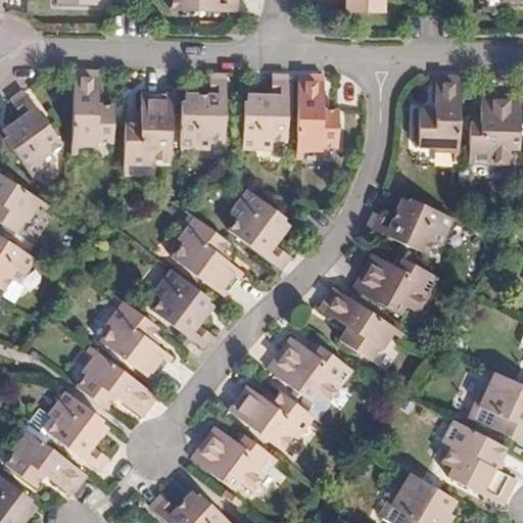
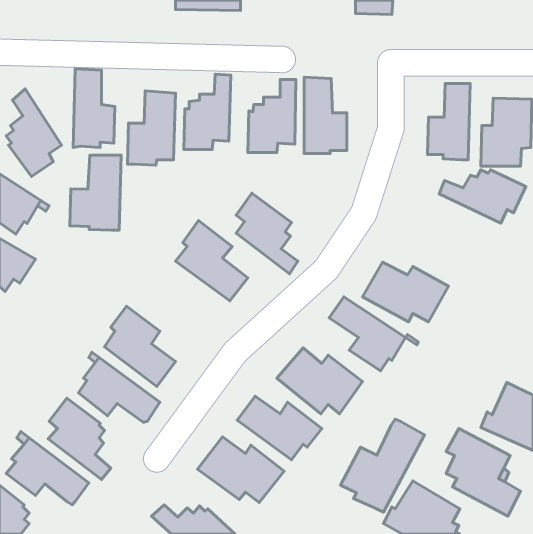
building: none -> [70,155,121,230]
building: [369,205,454,257] -> [439,170,526,223]
building: [152,268,212,347] -> none
building: none -> [340,419,425,512]

